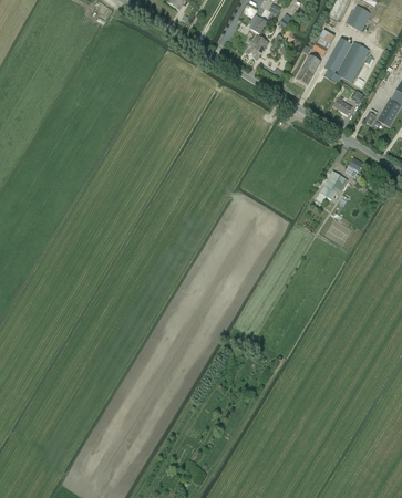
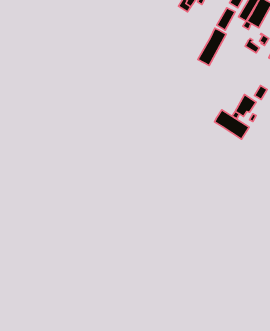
building: none -> [198,28,226,65]
building: none -> [214,110,249,139]

